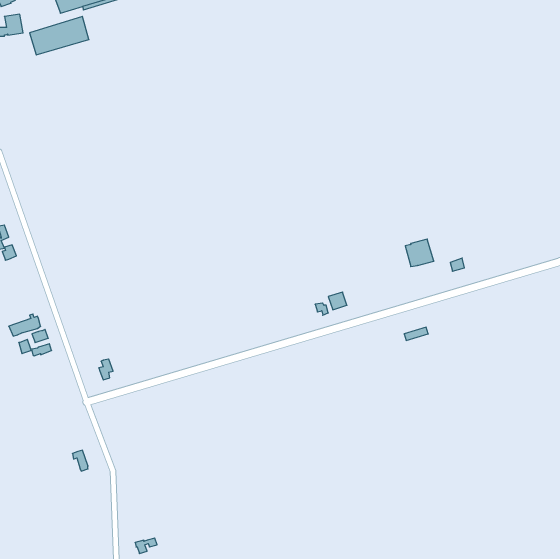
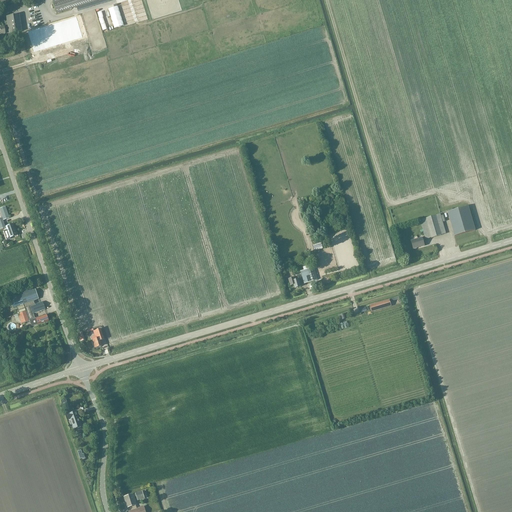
building: none -> [446,204,474,234]
building: [405,239,434,267] -> [419,212,445,237]

